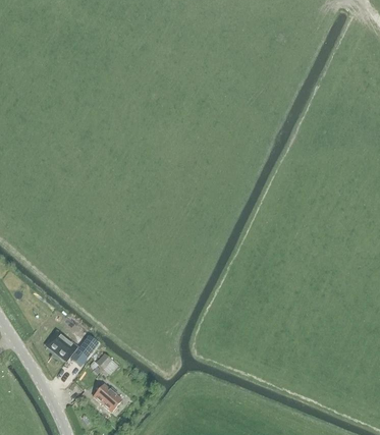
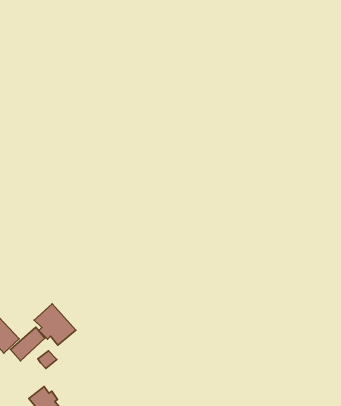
building: none -> [34,304,76,345]

